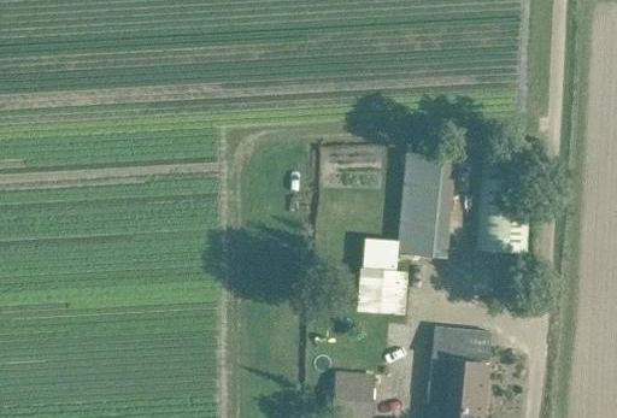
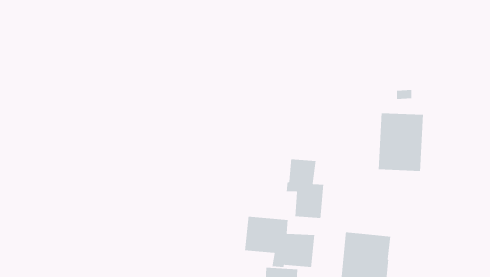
building: [396,154,457,257] -> none
building: none -> [244,216,315,268]

